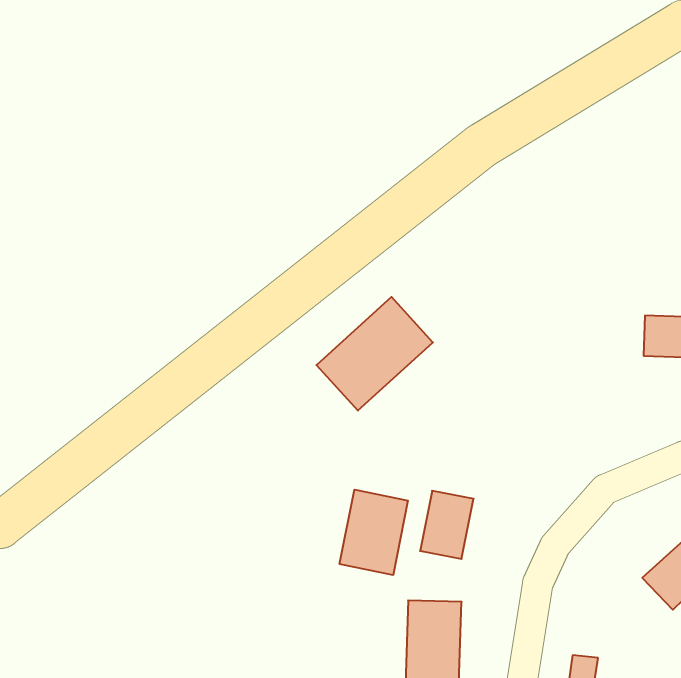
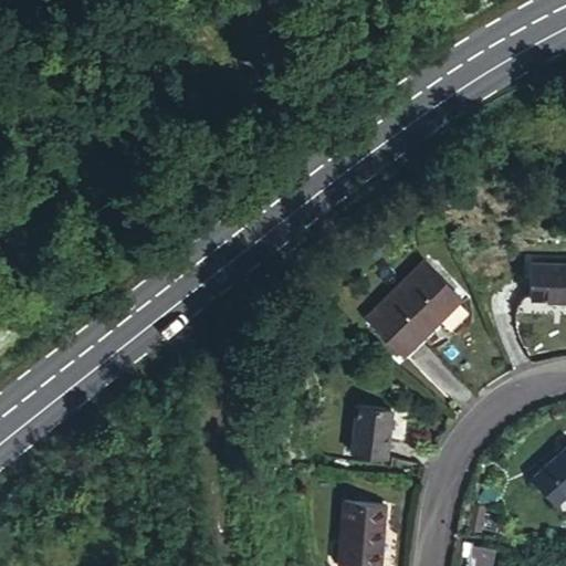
building: [316,297,433,411] -> [371,260,468,354]
building: [340,490,408,575] -> none

